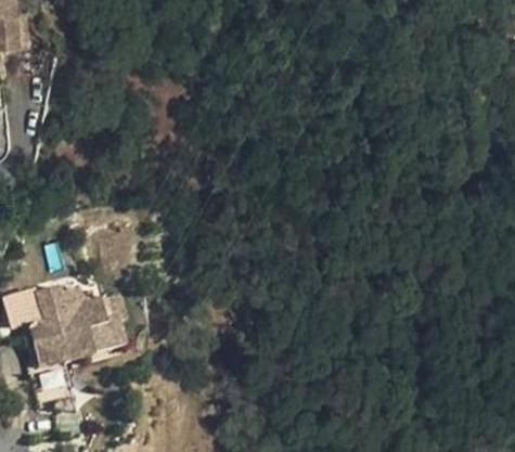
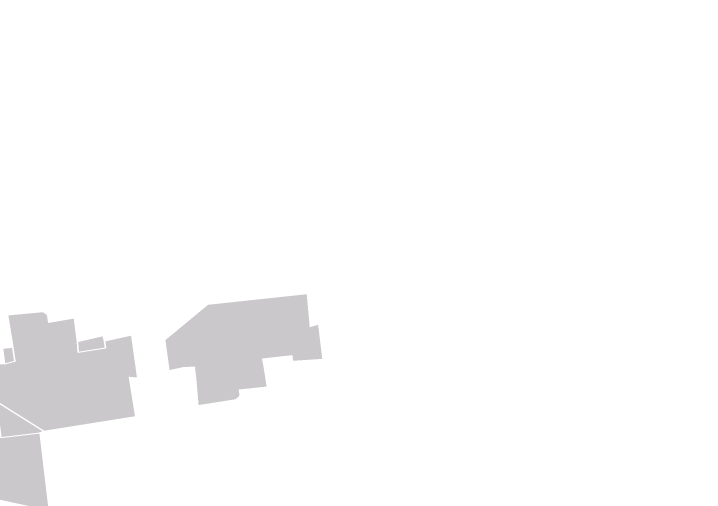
building: none -> [165,294,323,406]

